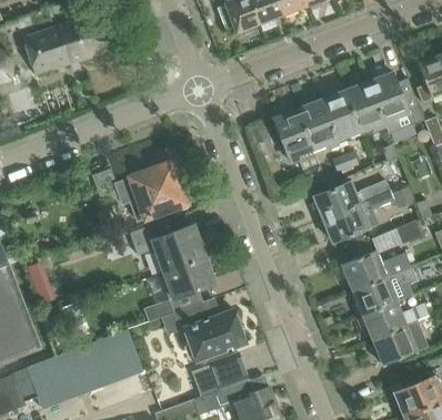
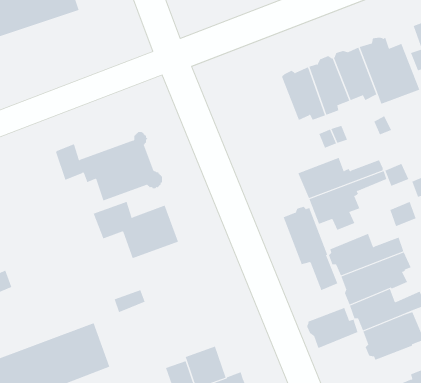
building: [273,109,323,185] -> [283,206,338,291]
building: [162,258,214,299] -> none
building: [179,303,245,361] -> none
building: none -> [307,307,358,349]

